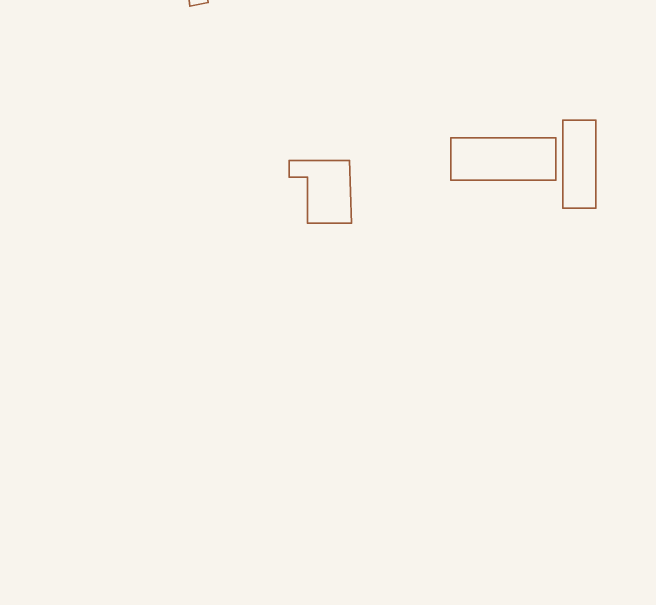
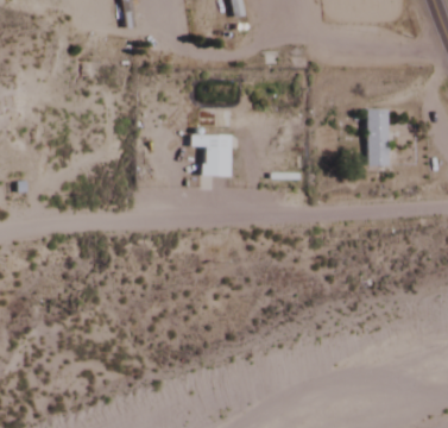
building: [451,138,556,180] -> none

